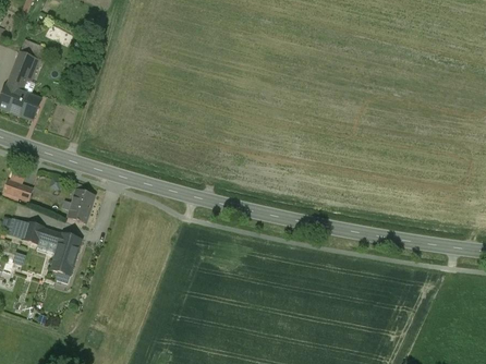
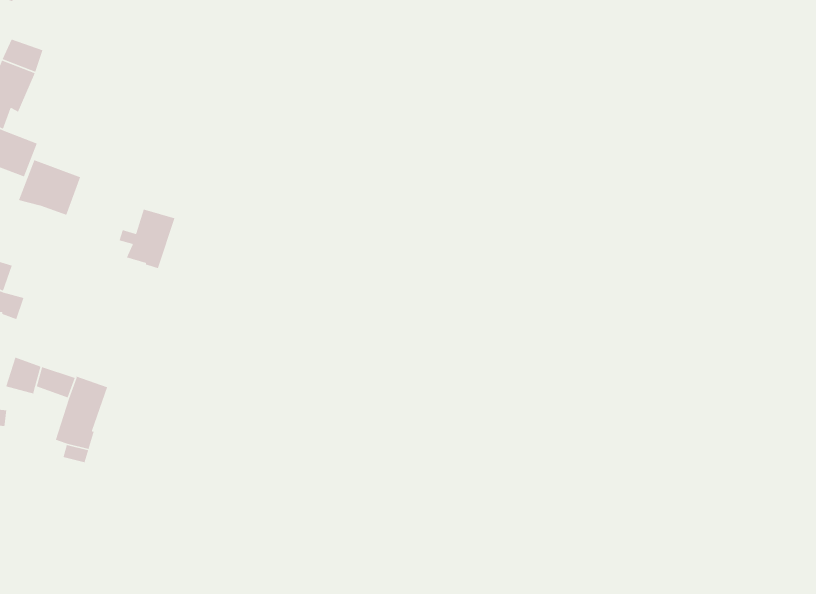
building: none -> [18,159,81,216]
building: [61,189,94,223] -> [118,208,175,269]

